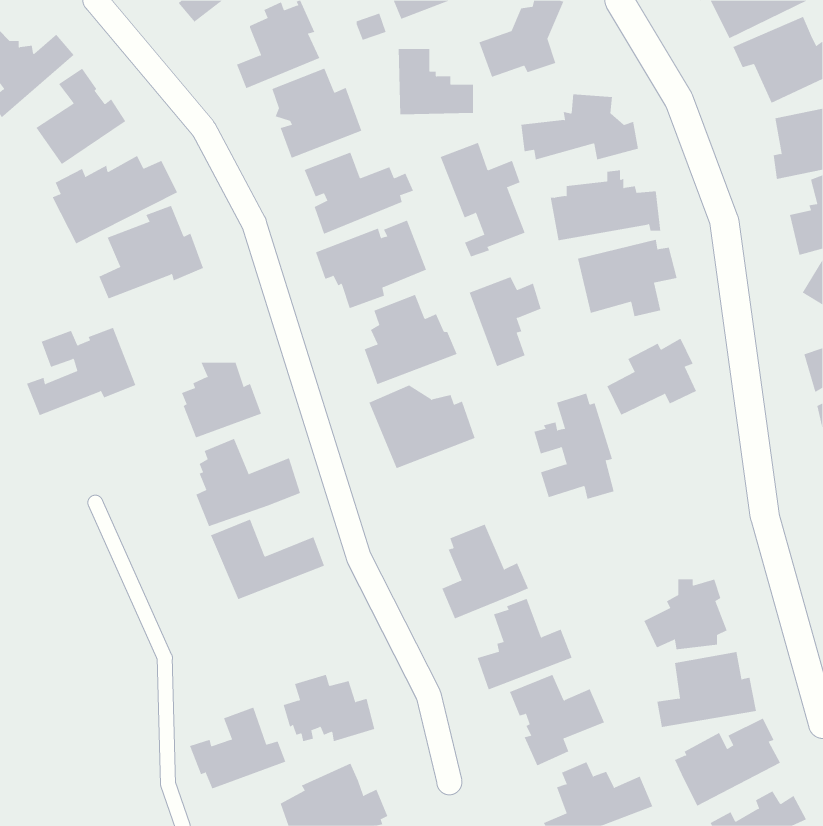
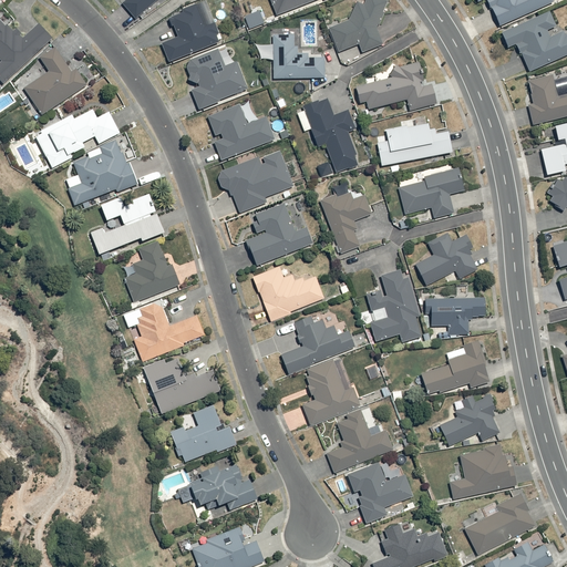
building: [26,327,136,416] -> [91,193,166,254]
building: none -> [425,298,485,333]
building: none -> [281,315,355,374]
building: none -> [421,336,489,396]
building: [189,707,286,789] -> [169,403,236,460]

